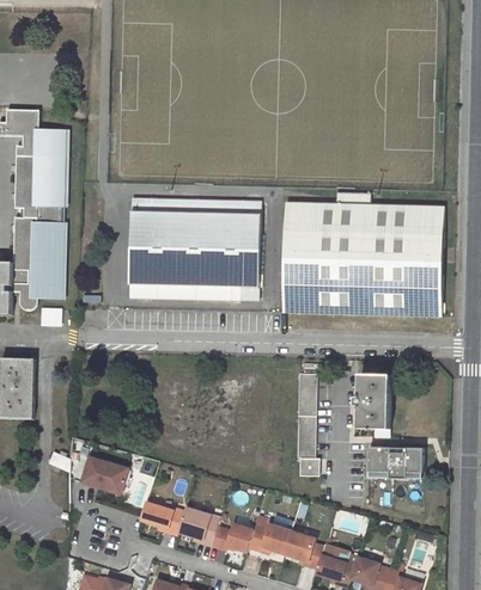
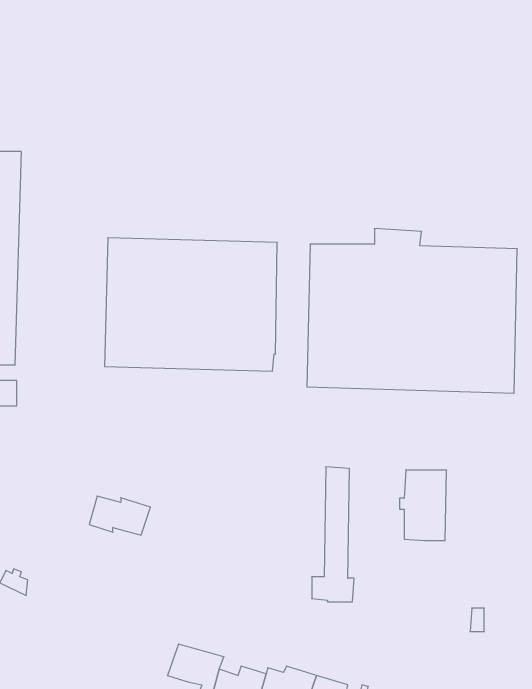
building: [367,447,424,479] -> none
building: [83,460,129,490] -> [89,496,150,535]
building: [141,503,184,534] -> none

